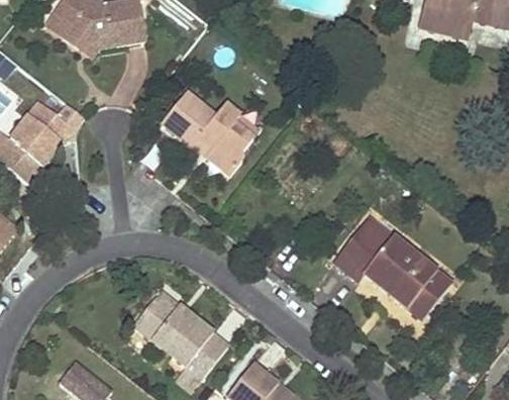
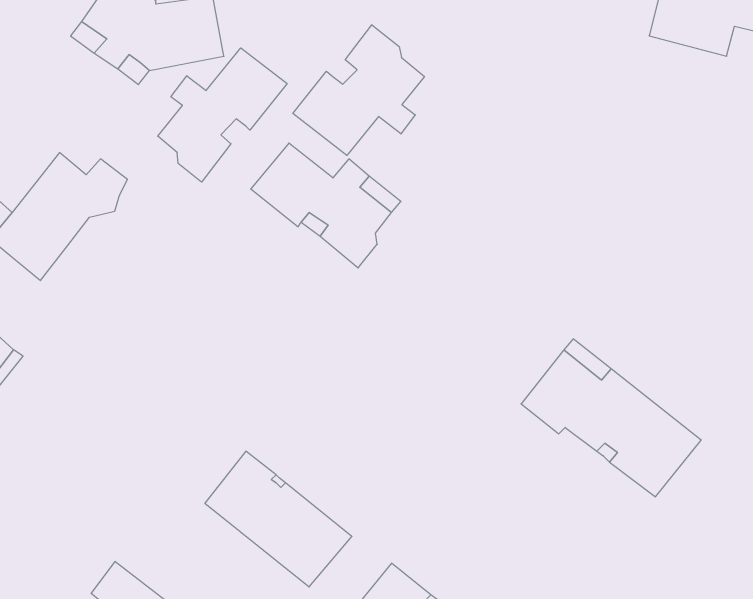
building: none -> [293,25,424,155]
building: none -> [158,48,287,182]

